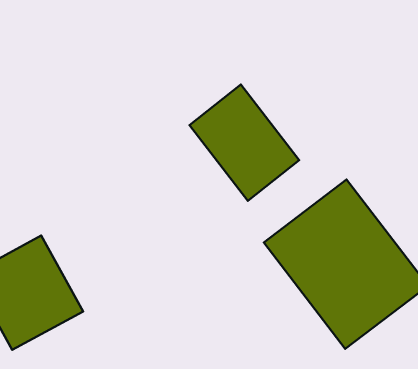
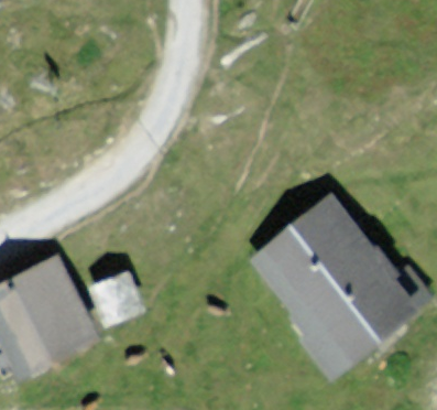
building: [190,85,299,201] -> none

